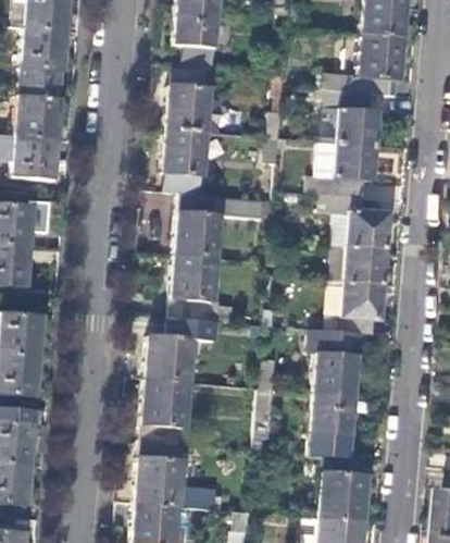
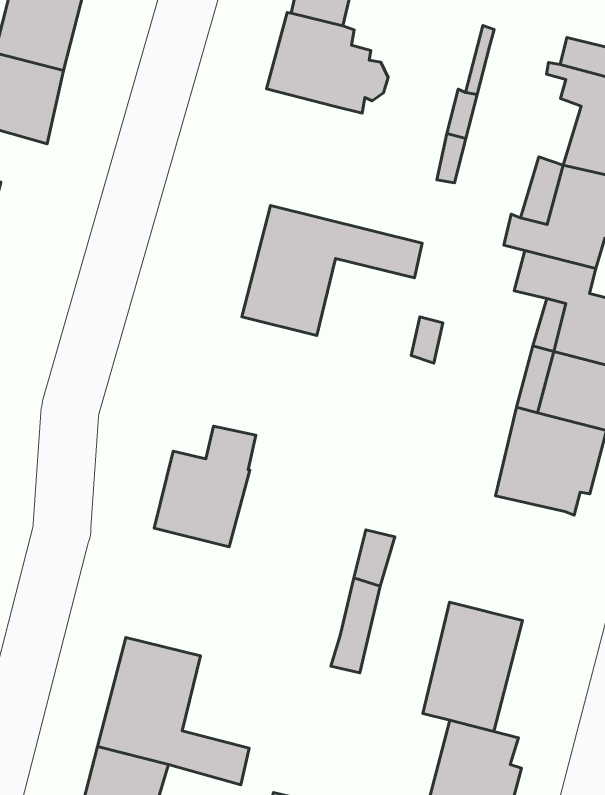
building: [162,131,205,177] -> none
building: [168,257,216,321] -> none
building: [308,330,367,396] -> none
building: [140,380,188,445] -> none

